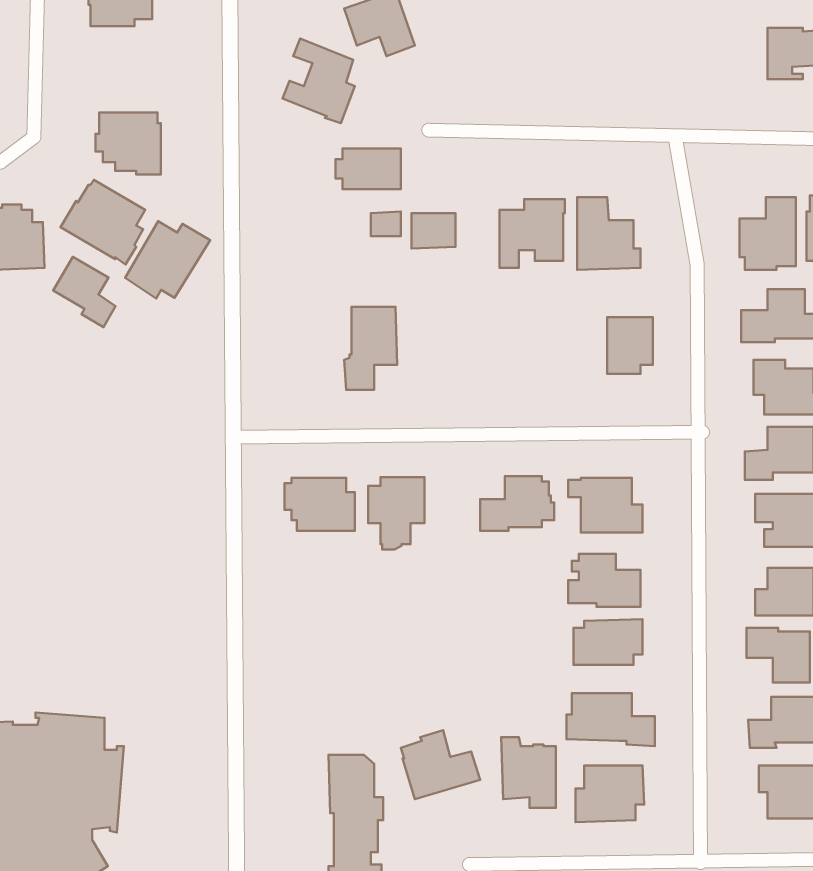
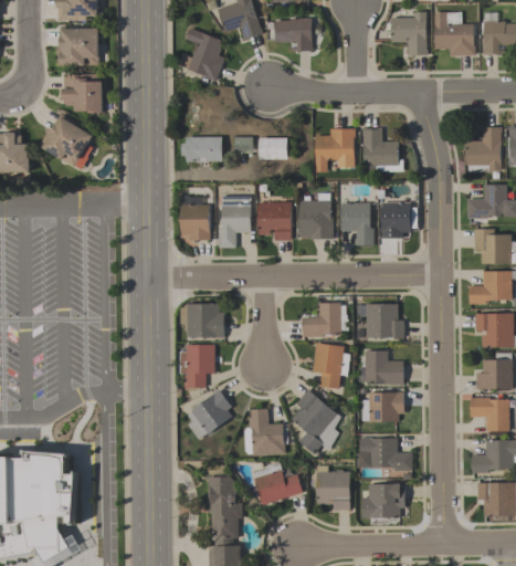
building: none -> [391,11,428,55]
building: none -> [433,11,476,55]
building: none -> [274,18,312,51]
building: none -> [56,28,98,65]
building: [335,148,401,189] -> [181,136,222,161]
building: [125,221,210,299] -> none
building: [53,257,116,327] -> none
building: none -> [299,193,333,239]
building: none -> [181,195,210,240]
building: none -> [257,202,292,240]
building: none -> [341,203,373,244]
building: [368,477,425,549] -> [179,345,214,390]
building: none -> [313,343,350,388]
building: none -> [188,389,232,439]
building: none -> [292,389,341,454]
building: none -> [244,408,288,455]

